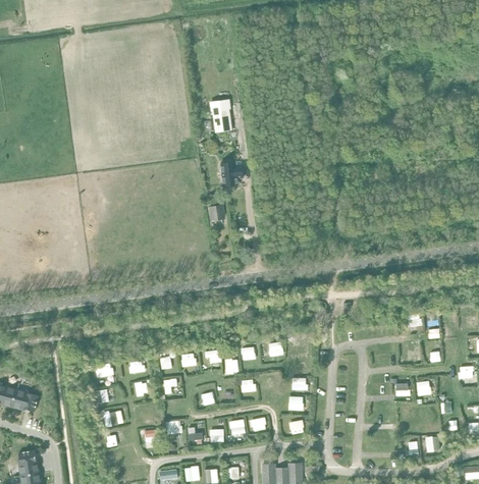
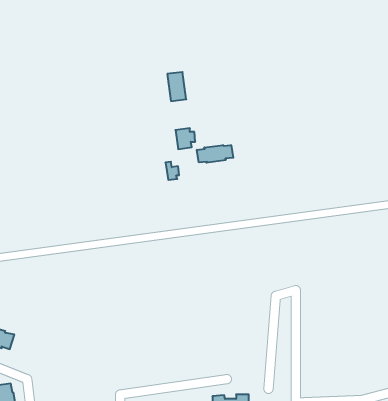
building: none -> [197,145,233,163]

